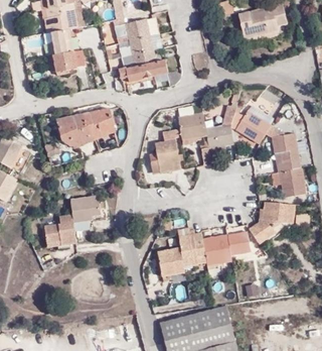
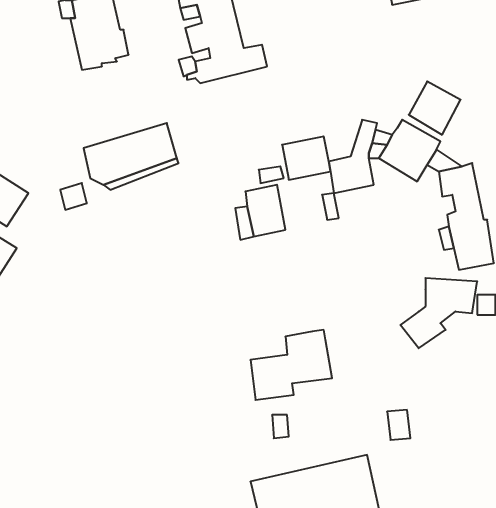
building: [49,200,103,249] -> none
building: [203,231,251,263] -> none

